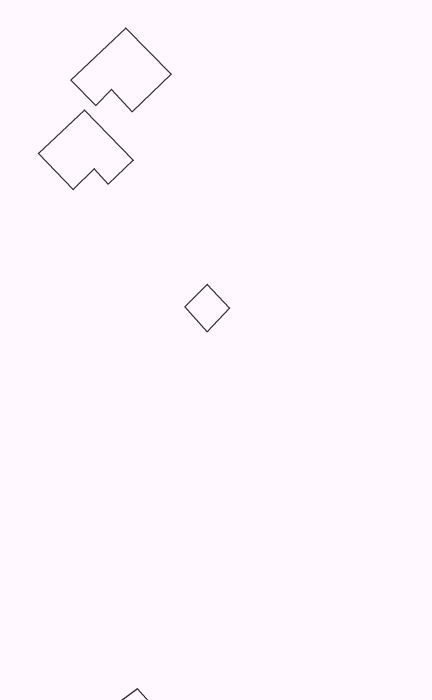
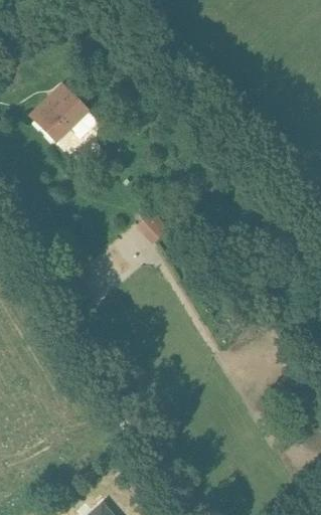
building: [71,28,171,112] -> none

